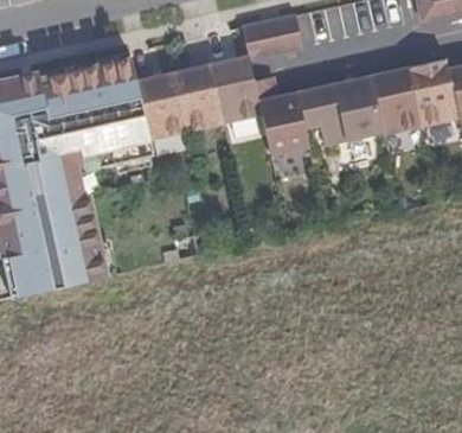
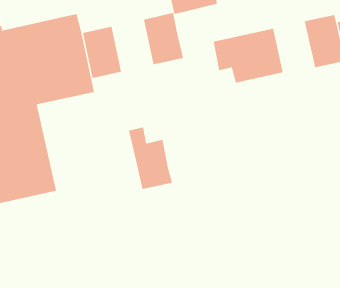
building: [173,65,223,129] -> none
building: [371,68,421,134] -> none
building: [254,77,308,154] -> [128,127,173,190]

